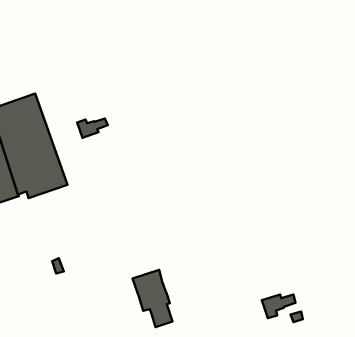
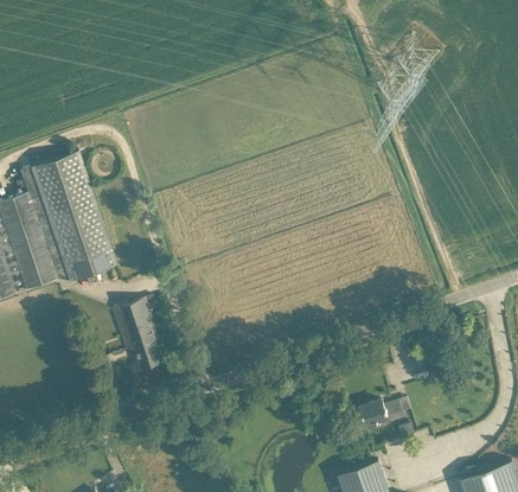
building: [77,118,108,138] -> none
building: [133,270,173,327] -> [111,299,161,370]

